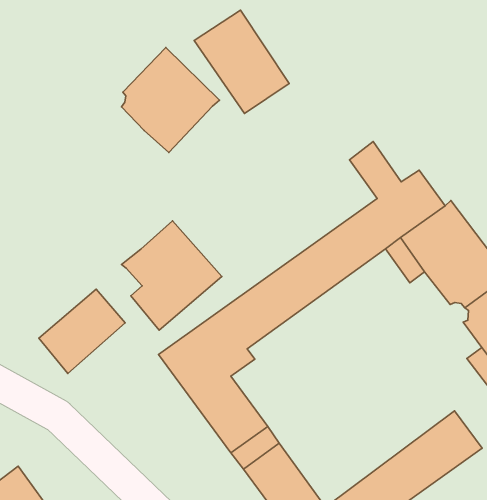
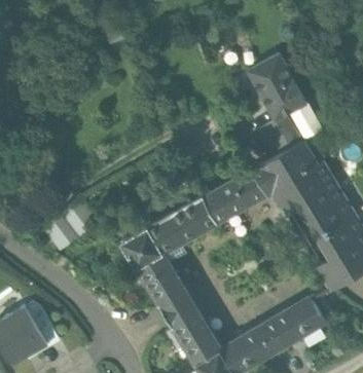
building: [194,10,289,114] -> [247,52,305,119]
building: [121,48,219,153] -> none
building: [122,221,222,330] -> none

